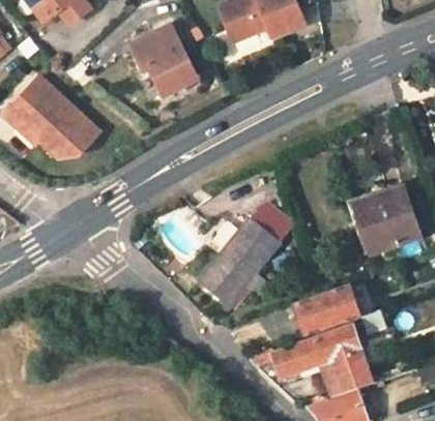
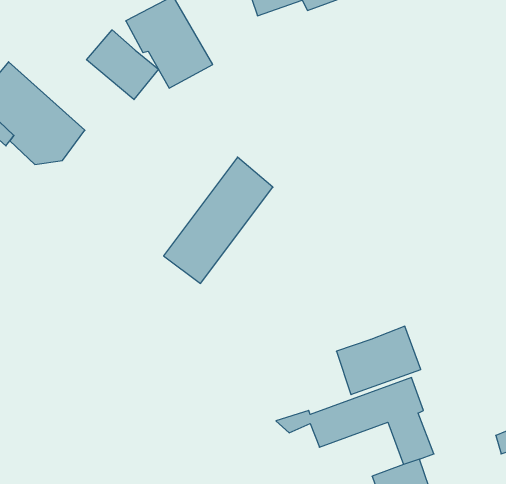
building: none -> [87,30,158,100]
building: [352,186,416,251] -> none
building: [208,192,294,292] -> [164,157,273,283]

